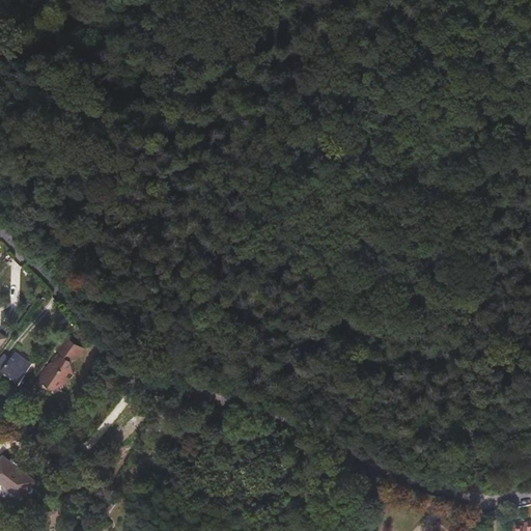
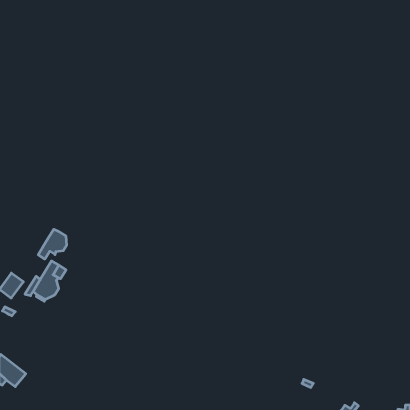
building: none -> [38,229,66,259]

